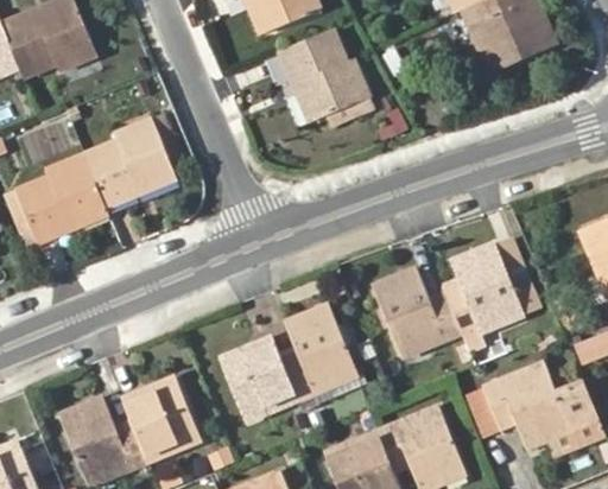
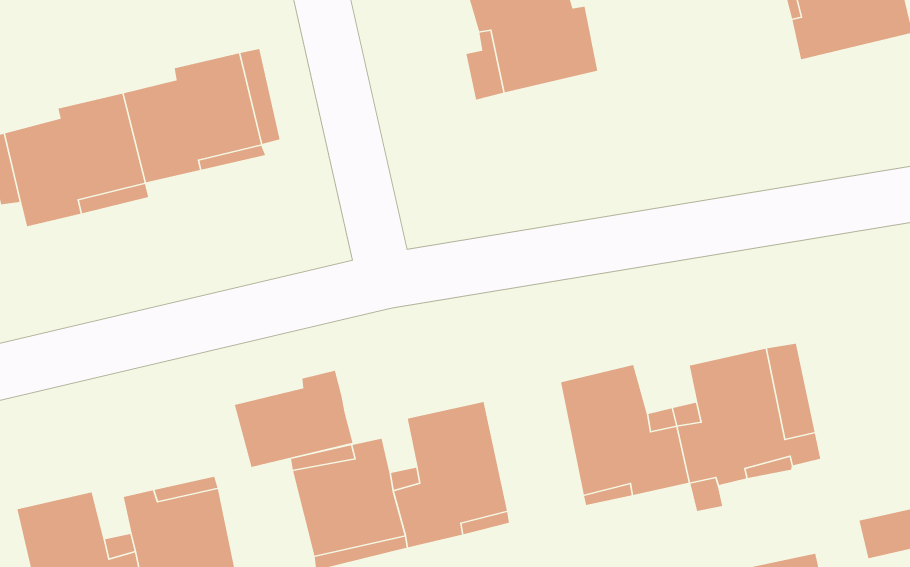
building: none -> [234,370,354,468]

